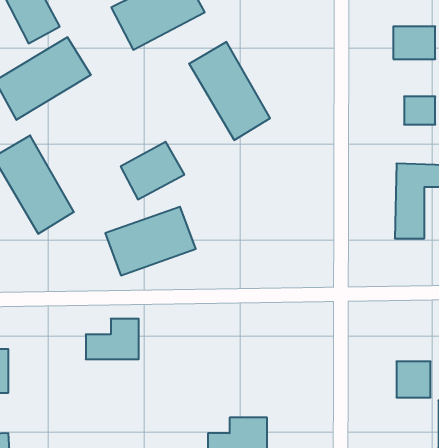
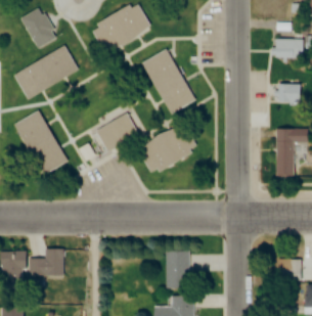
building: [105,207,196,275] -> [139,127,198,172]
building: [86,319,139,359] -> [30,249,64,275]
building: none -> [167,251,190,287]

